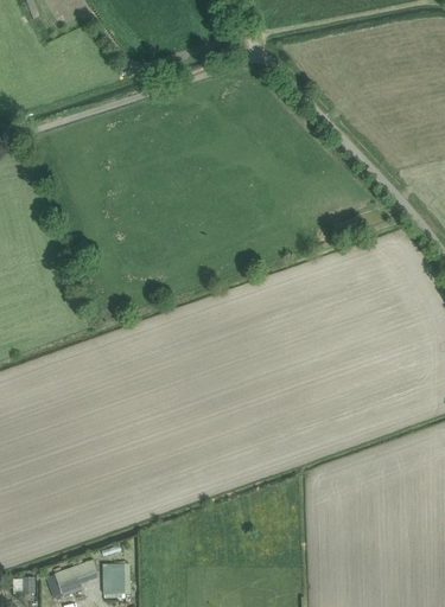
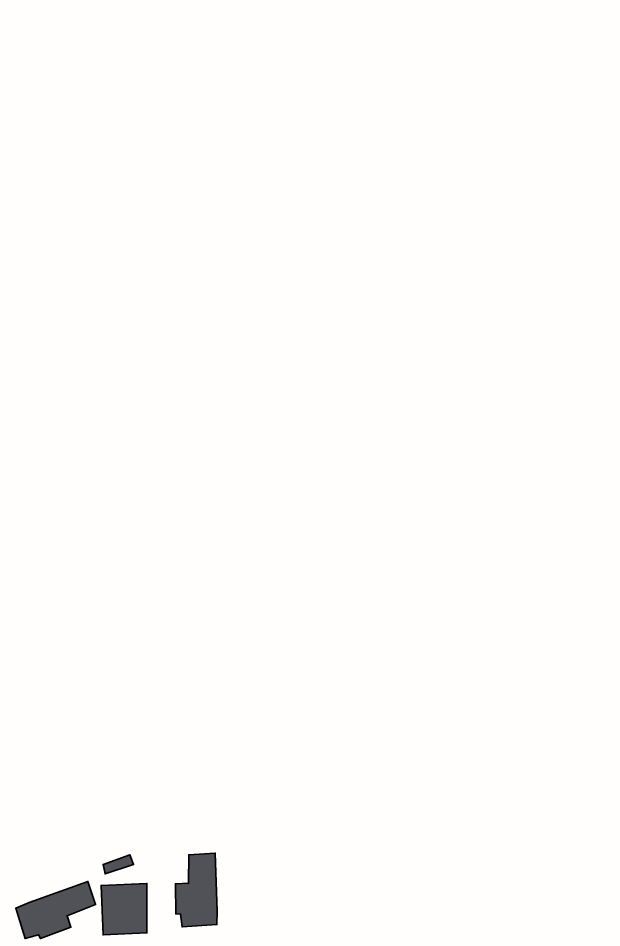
building: none -> [175,853,217,927]

